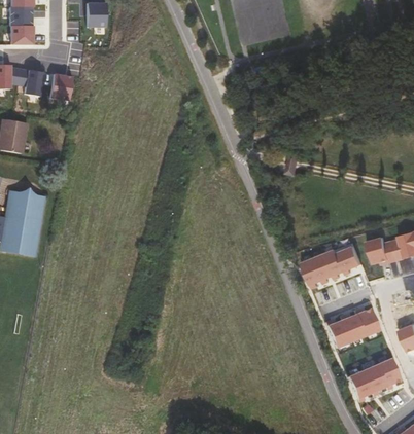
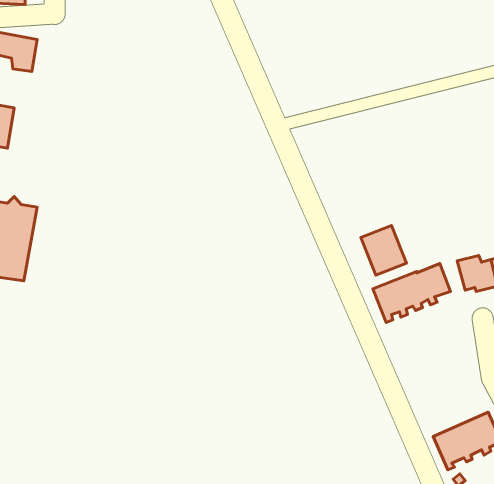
building: [50,73,74,101] -> none
building: none -> [361,226,406,275]
building: [325,308,380,348] -> none

